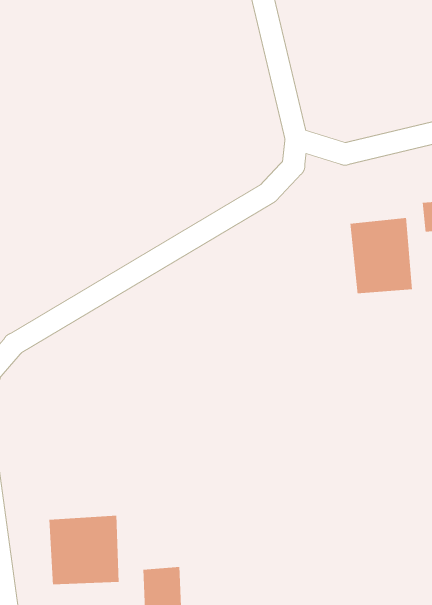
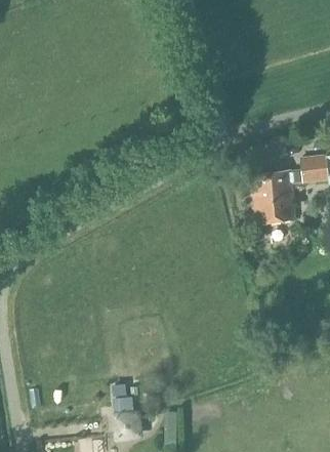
building: [48,515,120,585] -> none

